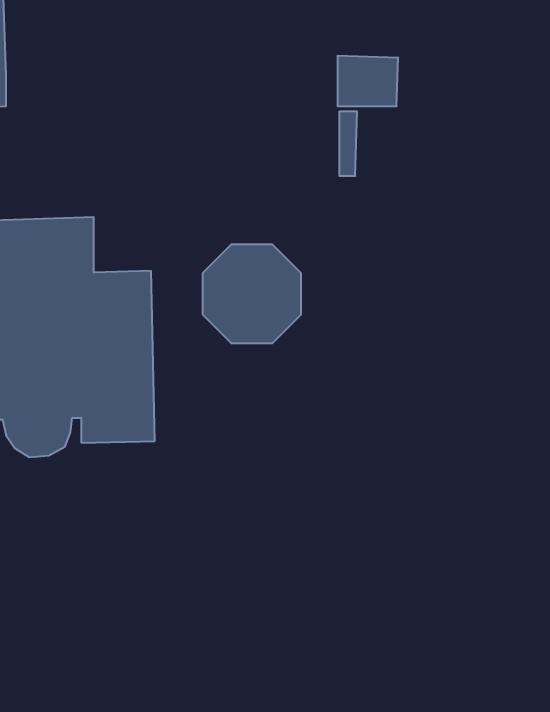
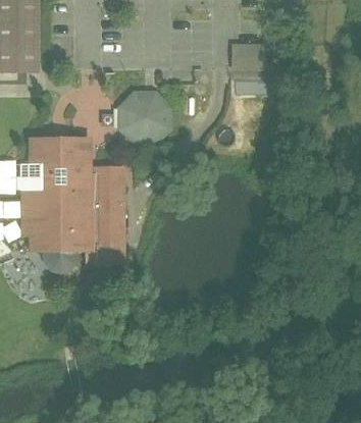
building: [203,245,301,343] -> [118,90,174,146]

